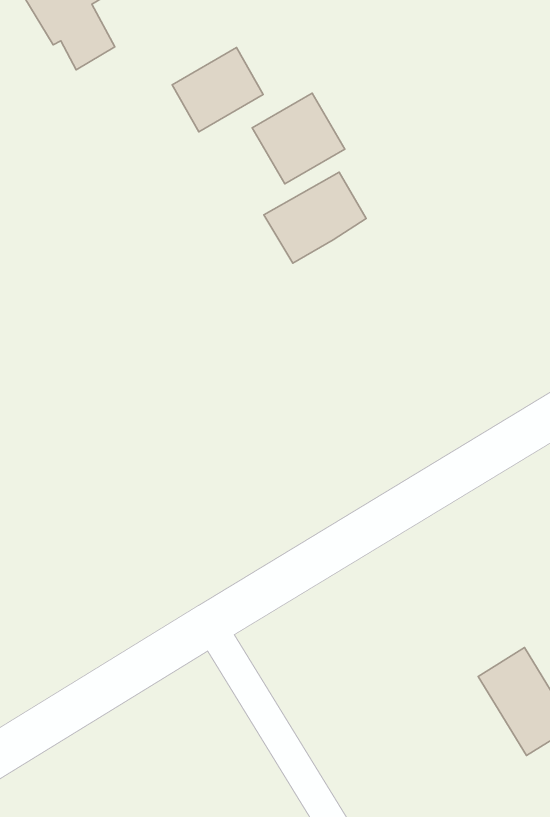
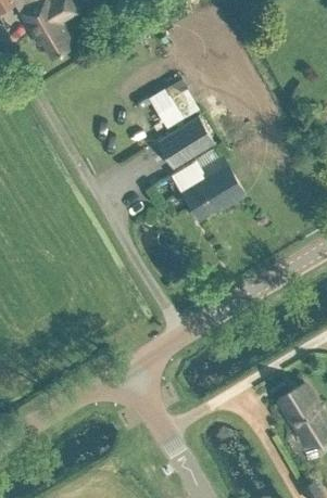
building: [172,47,263,132] -> none
building: none -> [181,157,244,221]

